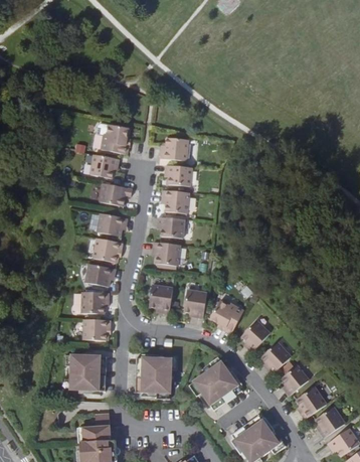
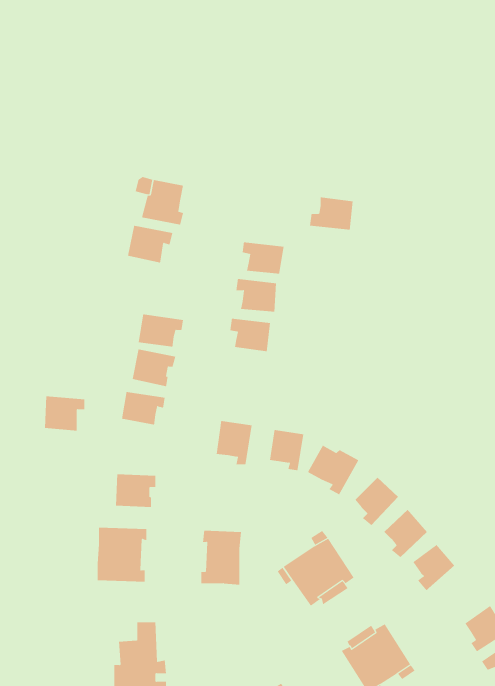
building: [161,139,190,161] -> [309,197,354,230]
building: [102,183,134,205] -> none
building: [154,241,181,263] -> none
building: [81,291,109,314] -> [44,396,85,431]
building: [294,386,325,419] -> none

